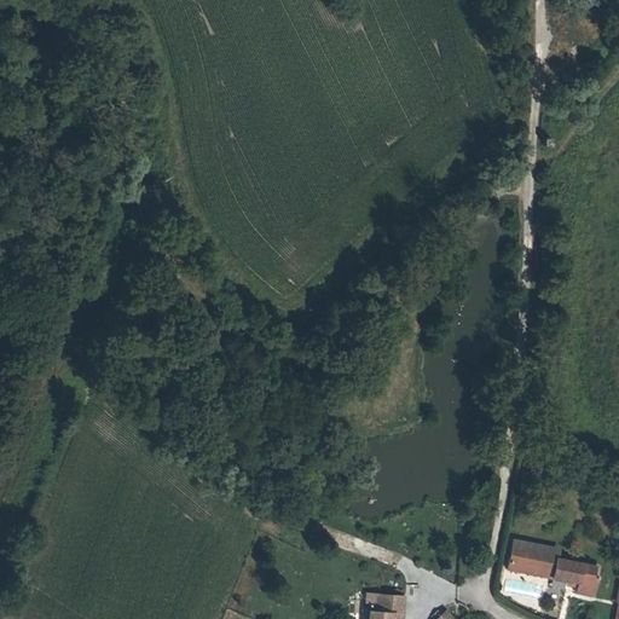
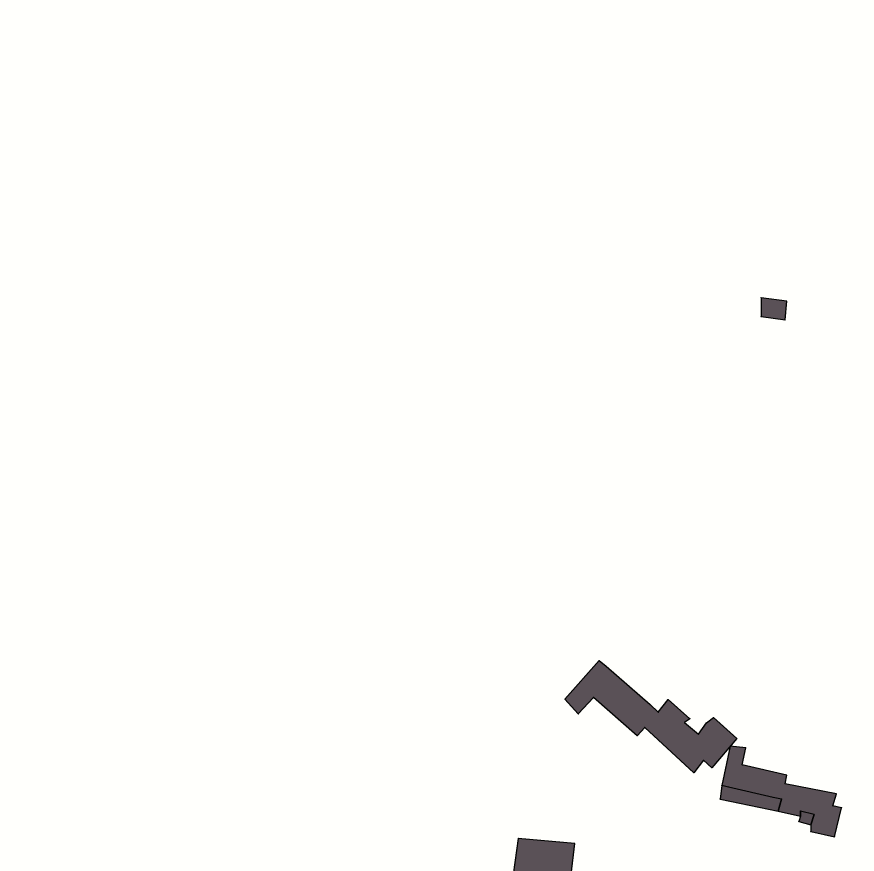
building: none -> [565,661,737,773]

